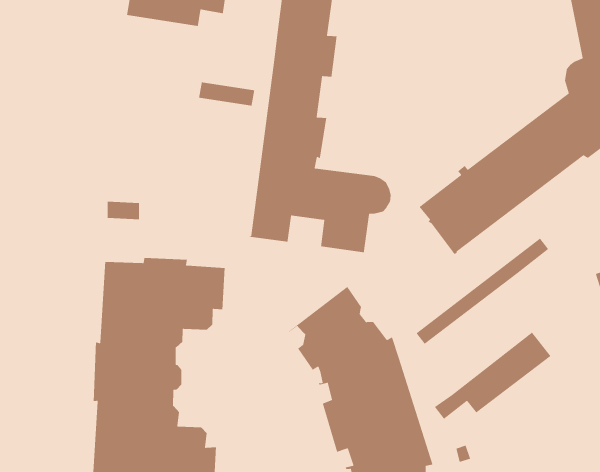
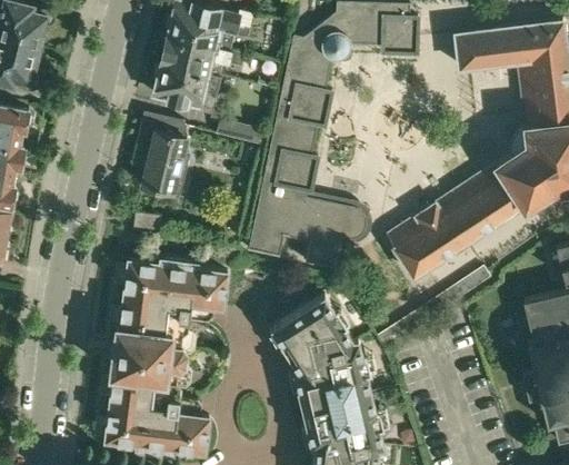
building: none -> [154,63,226,120]
building: none -> [138,115,188,195]
building: [434,331,551,420] -> none

